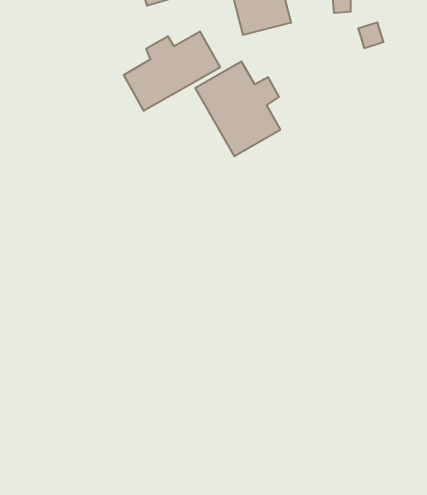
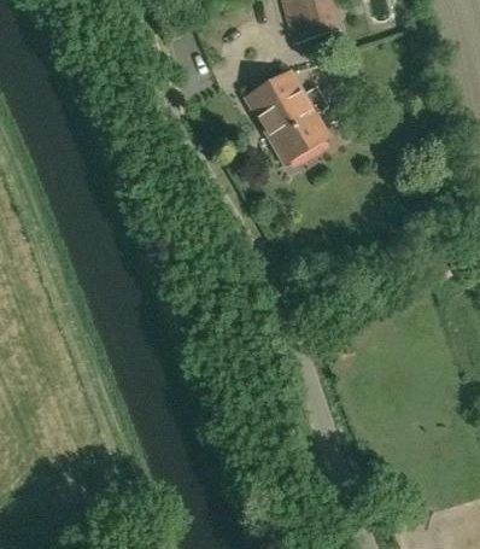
building: [124,31,220,111] -> none

